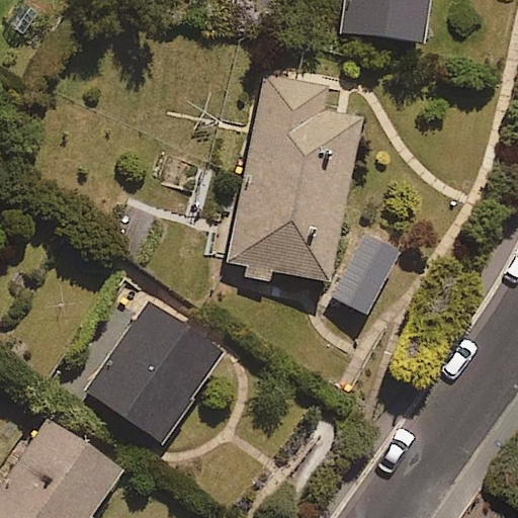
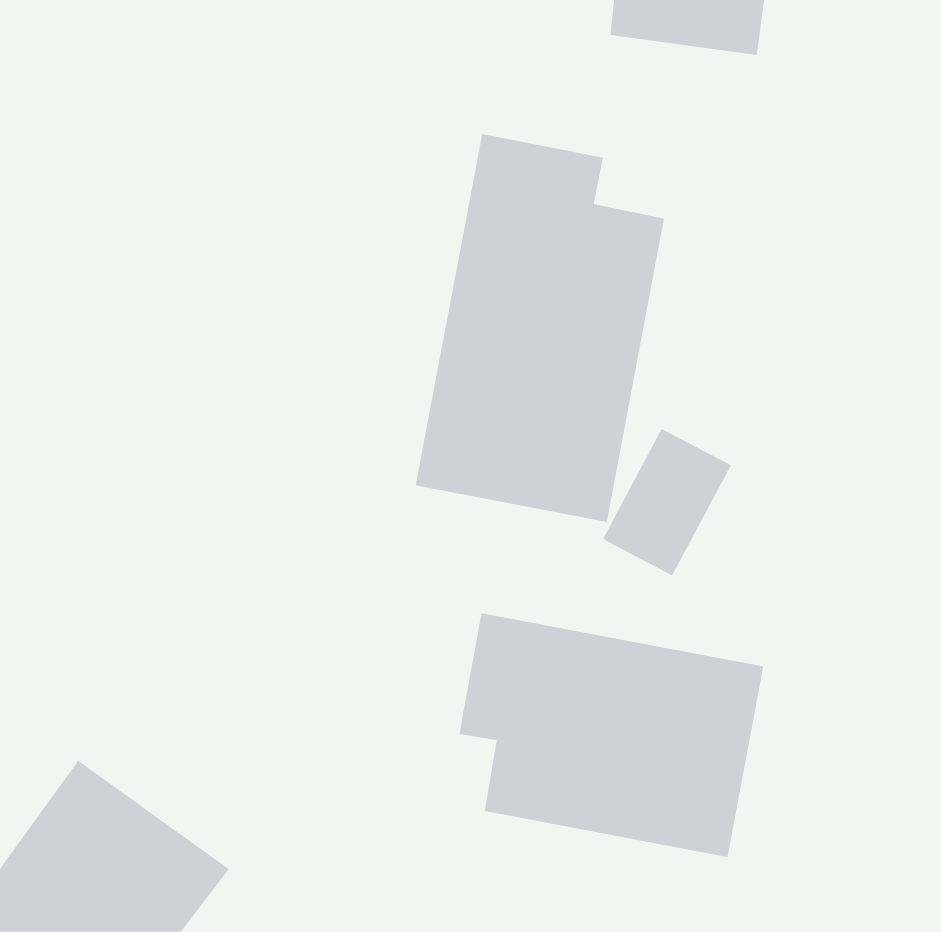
building: [84,303,224,444] -> none
building: none -> [459,612,764,858]

